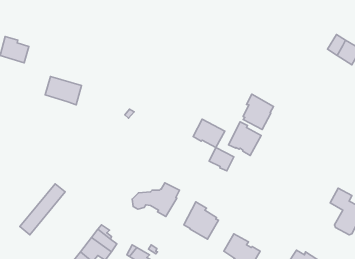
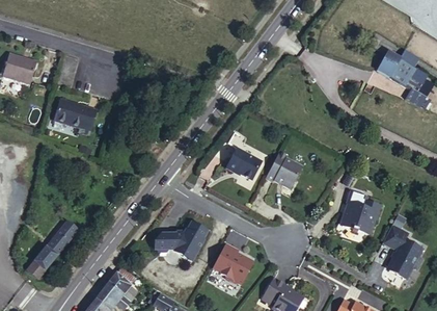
building: [243,94,273,130] -> none
building: [209,147,234,171] -> none
building: none -> [339,191,378,235]

